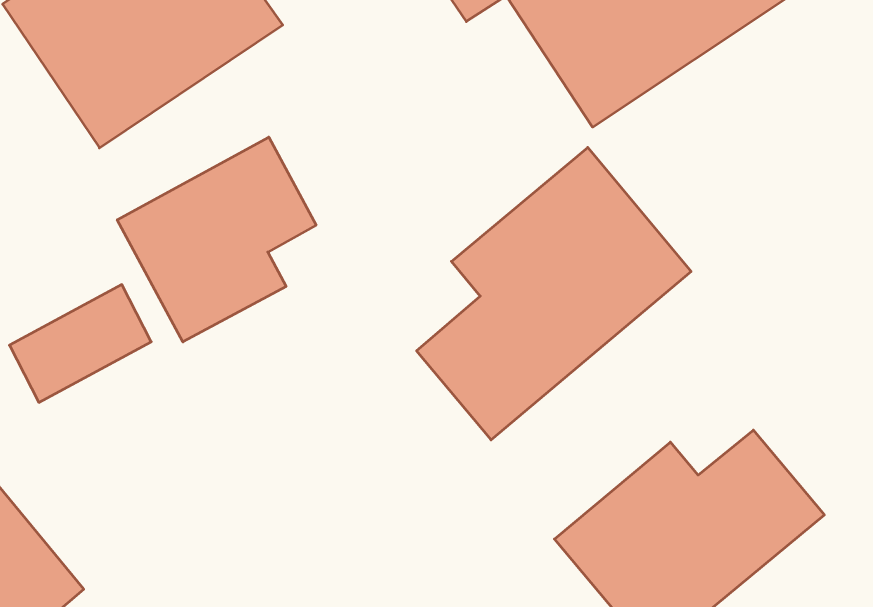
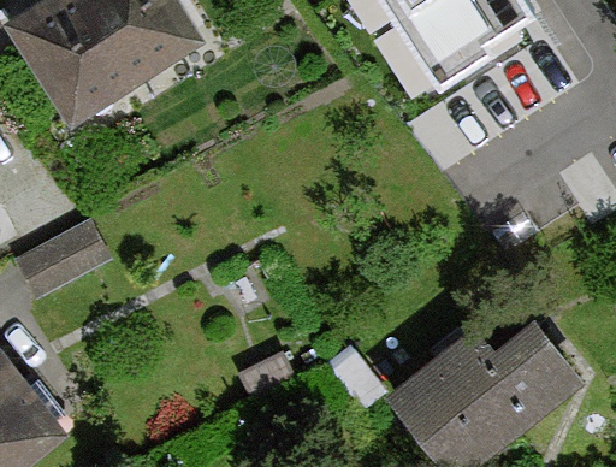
building: [117,137,316,342] -> none
building: [417,147,691,440] -> none

